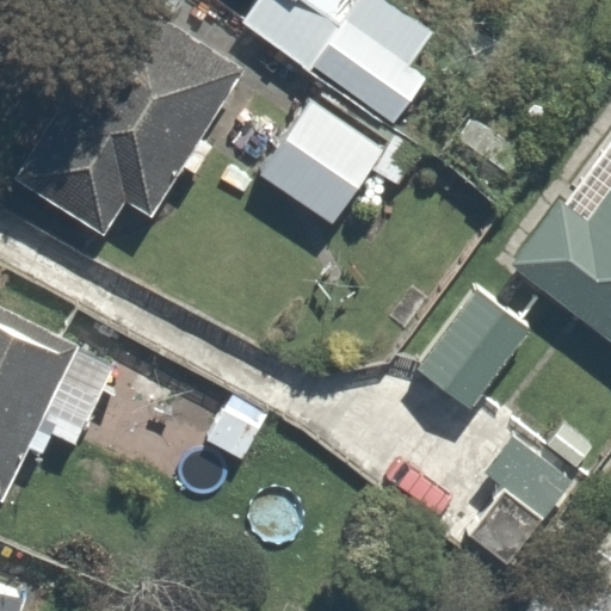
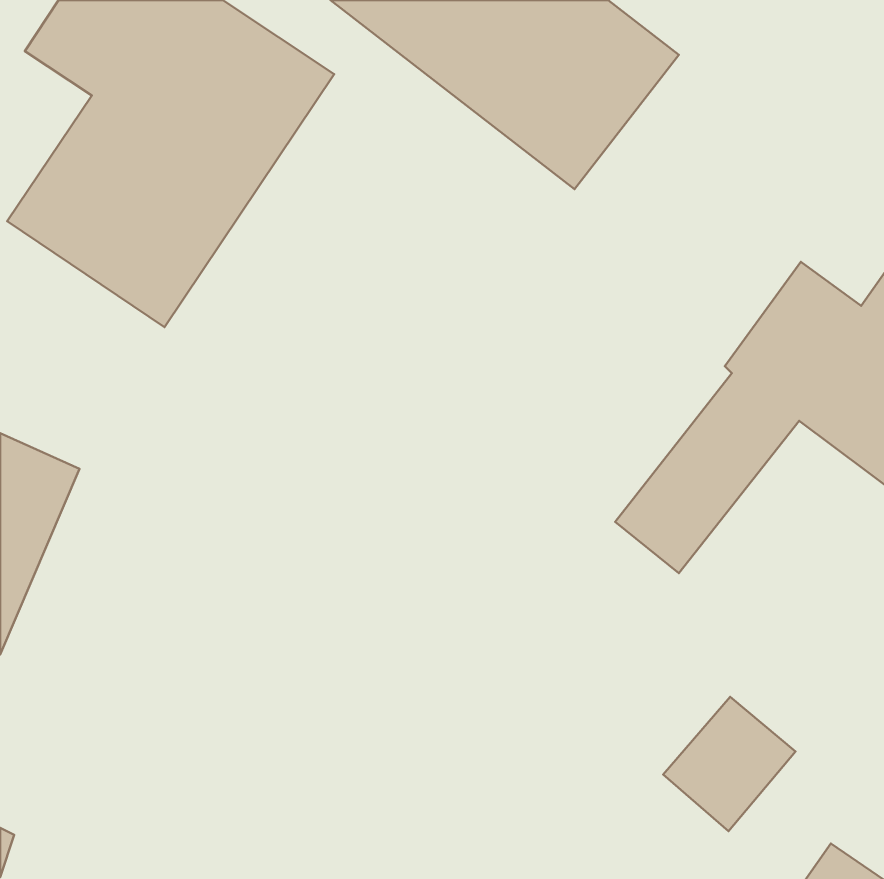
building: [263,101,387,223] -> none

